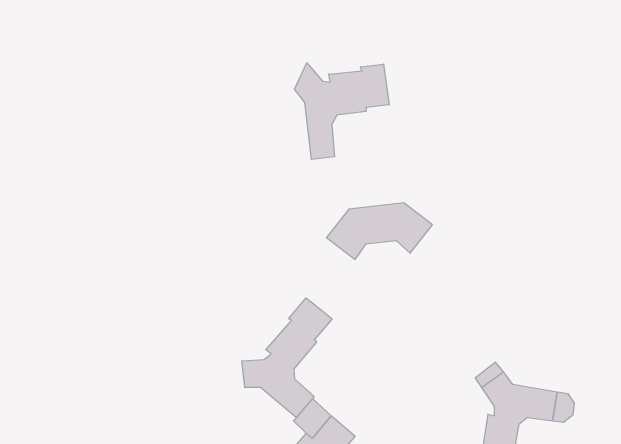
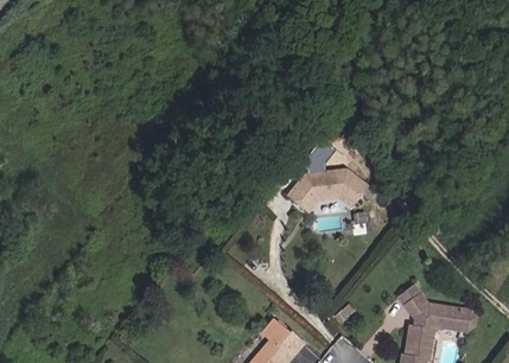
building: [294,63,389,159] -> none
building: [242,298,332,417] -> none

